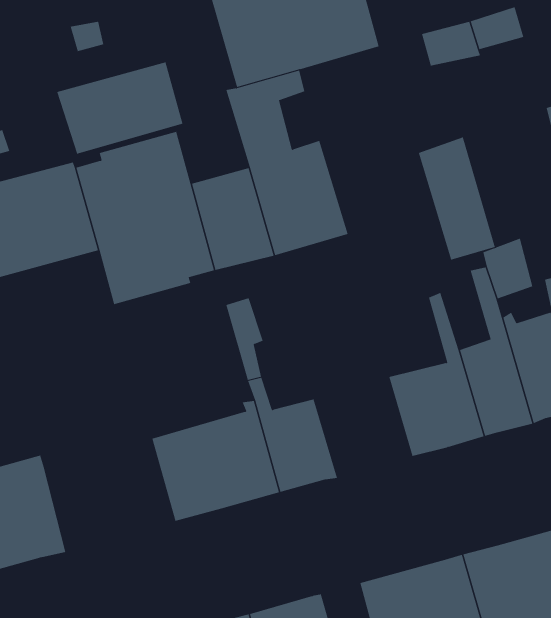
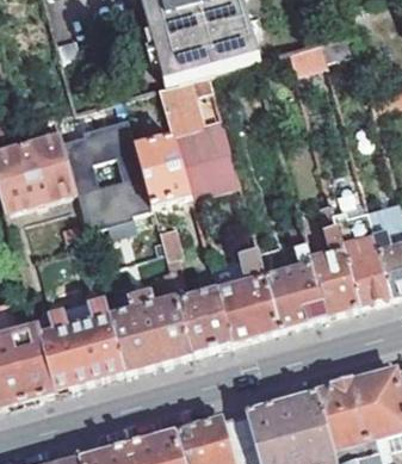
building: [57,62,183,155] -> none
building: [418,137,496,261] -> none
building: none -> [217,243,282,340]
building: none -> [39,299,125,389]

